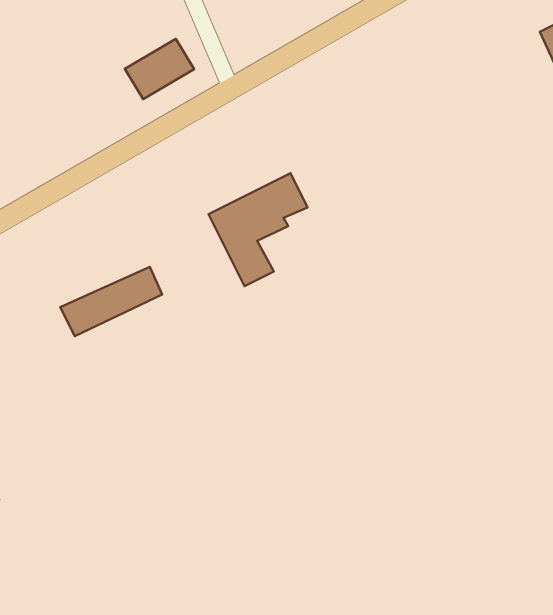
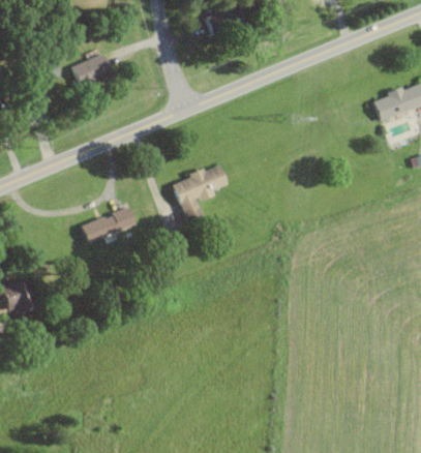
building: [125,39,194,99] -> [73,53,113,85]

